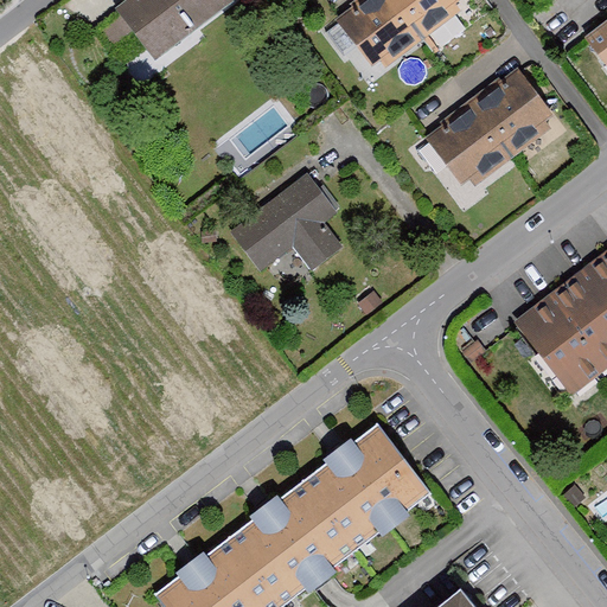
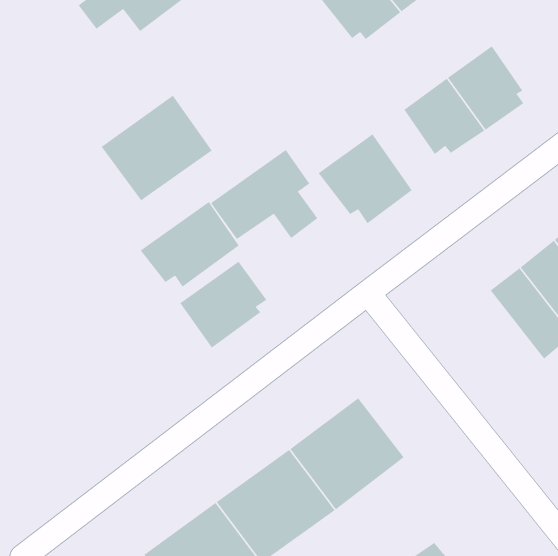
building: none -> [101,95,213,201]
building: none -> [318,134,413,224]
building: none -> [140,201,240,288]
building: none -> [179,261,267,348]

